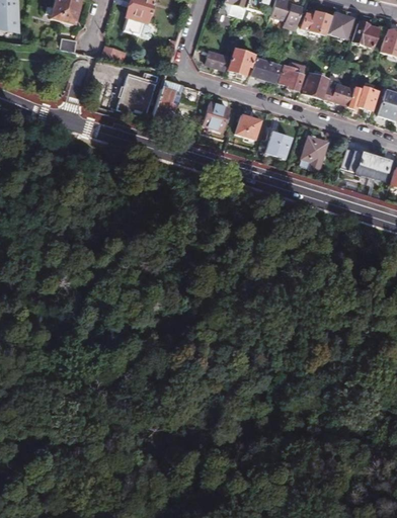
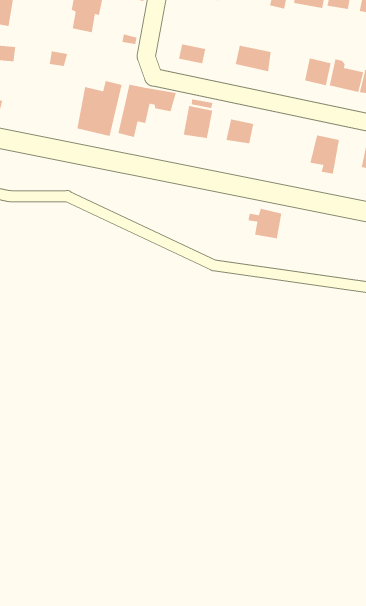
building: [229,49,254,73] -> none
building: [281,64,304,90] -> none
building: [262,130,291,156] -> [247,208,282,239]

